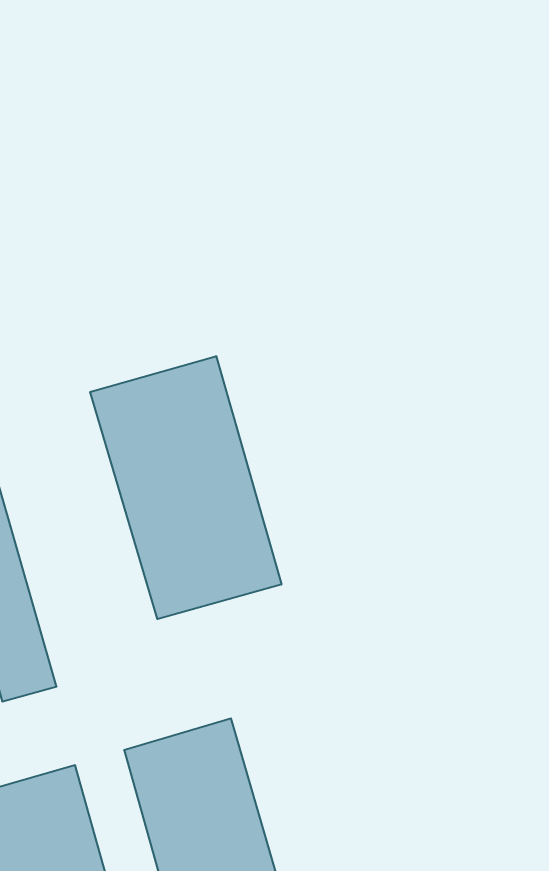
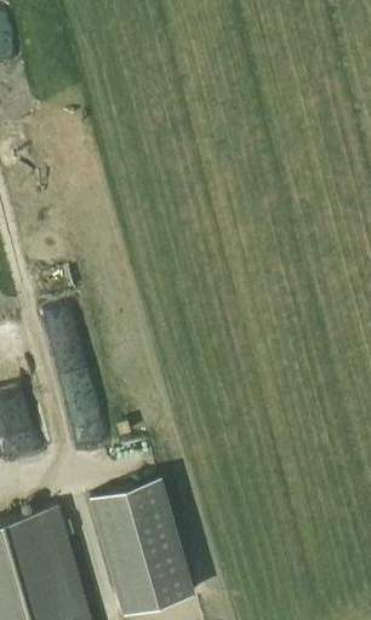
building: [90,356,281,619] -> none

